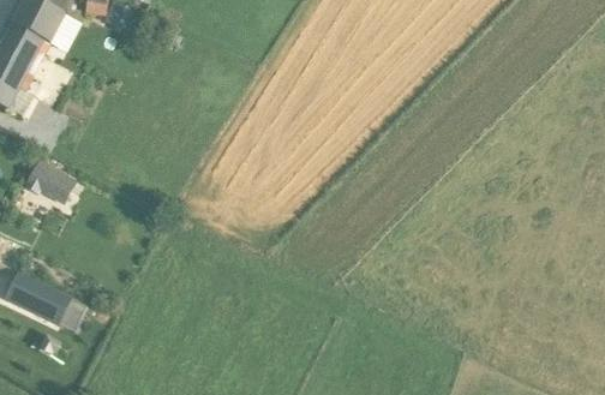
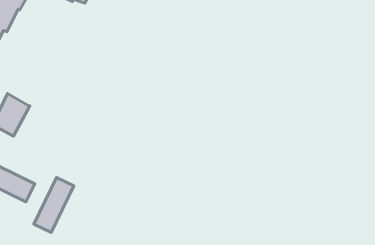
building: none -> [34,178,74,232]

